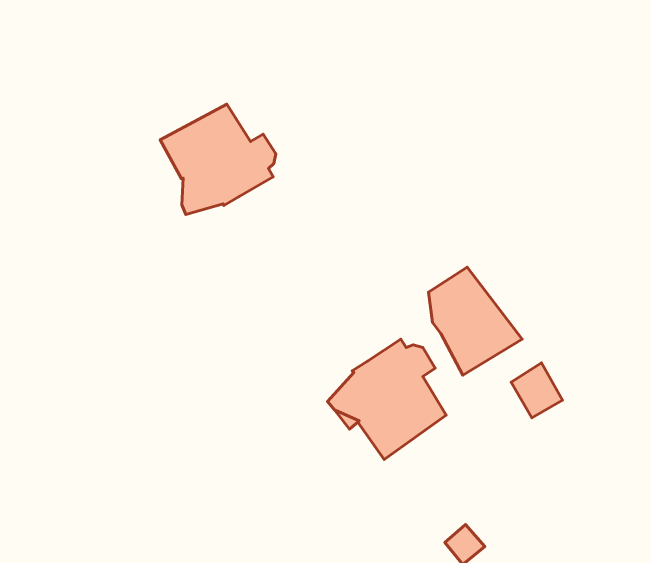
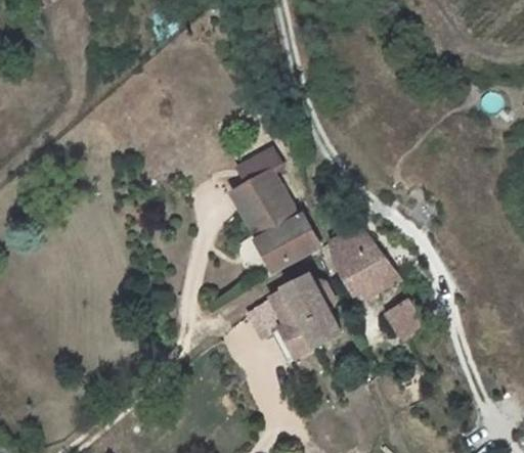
building: [160,104,276,214] -> none
building: none -> [231,150,319,275]

